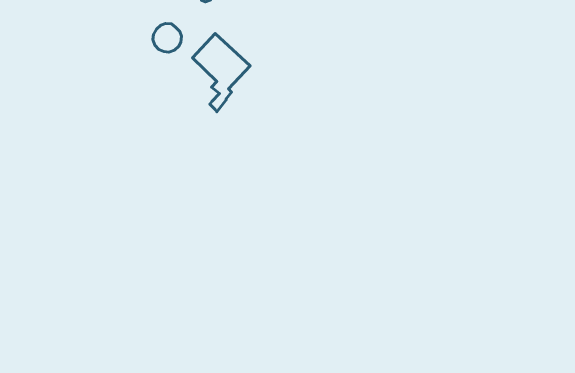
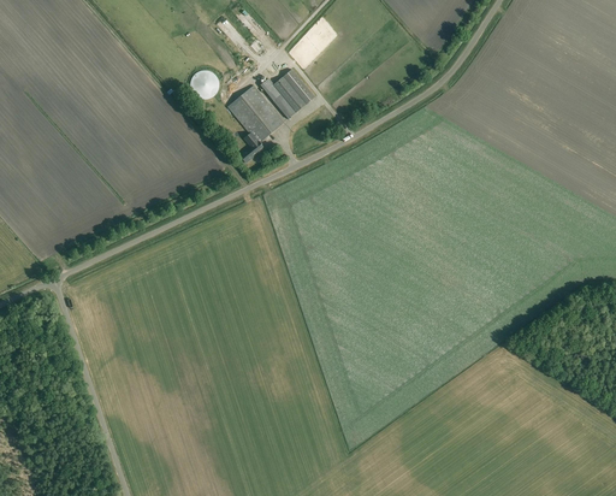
building: none -> [261,67,315,118]

